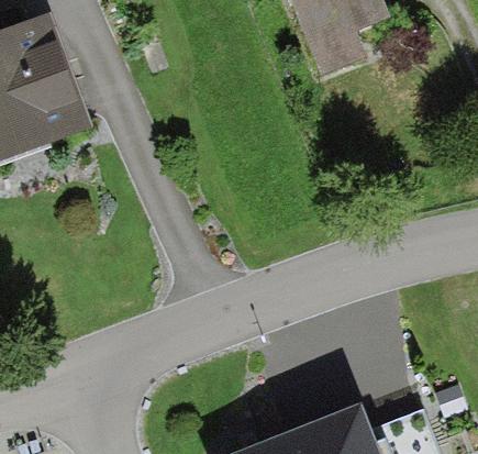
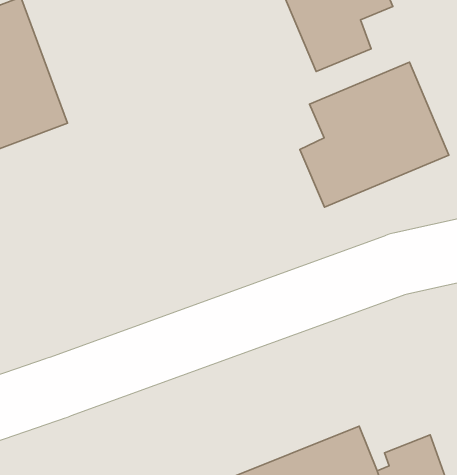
building: none -> [300,62,449,207]

